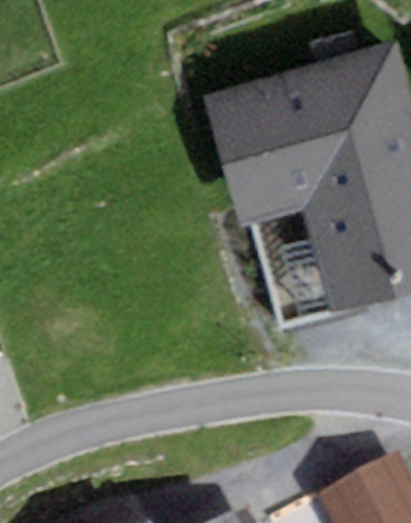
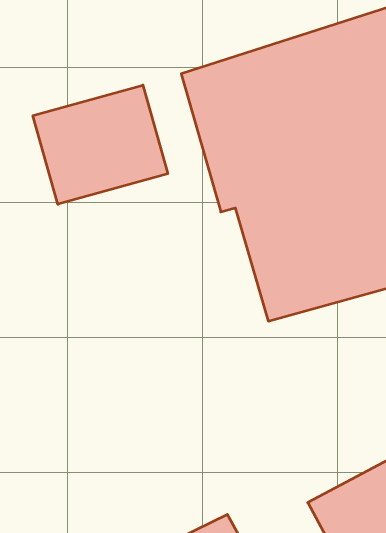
building: none -> [33,85,168,204]

